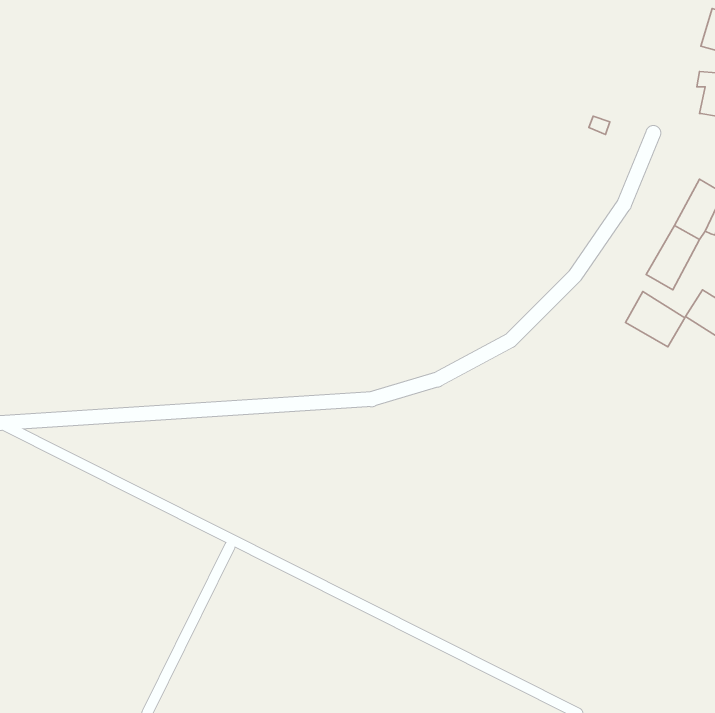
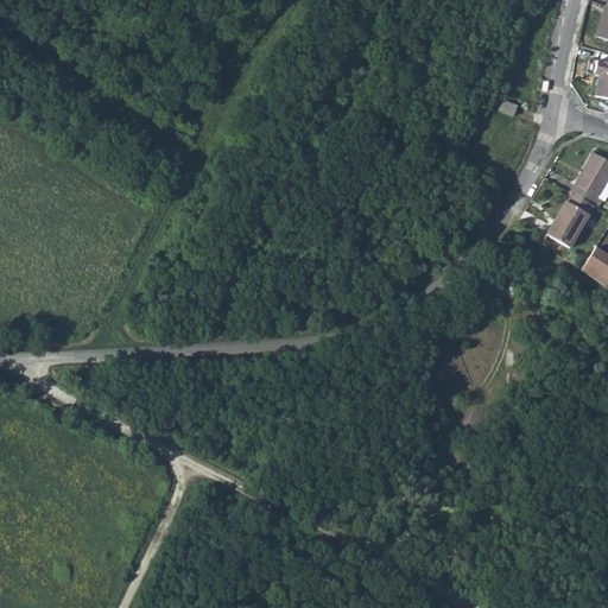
building: [625,292,685,347] -> none

